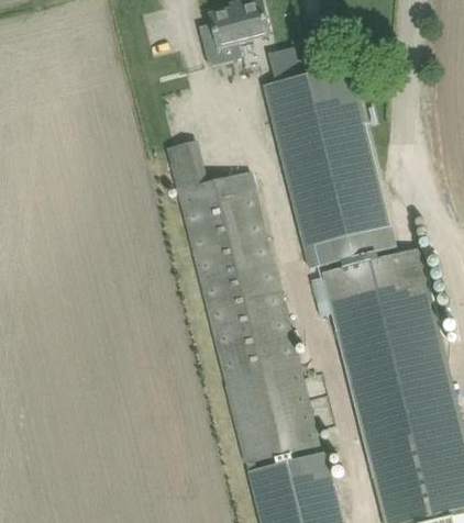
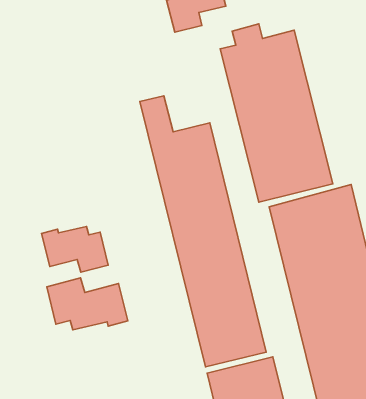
building: none -> [42,227,108,272]
building: none -> [47,278,128,330]

